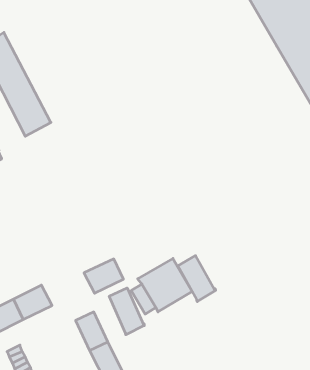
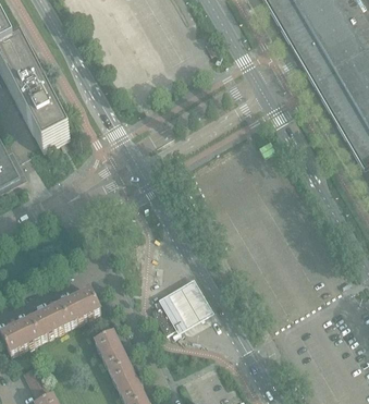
building: [178,256,216,302] -> none
building: [84,259,123,293] -> [61,286,101,321]
building: [109,288,144,335] -> none

